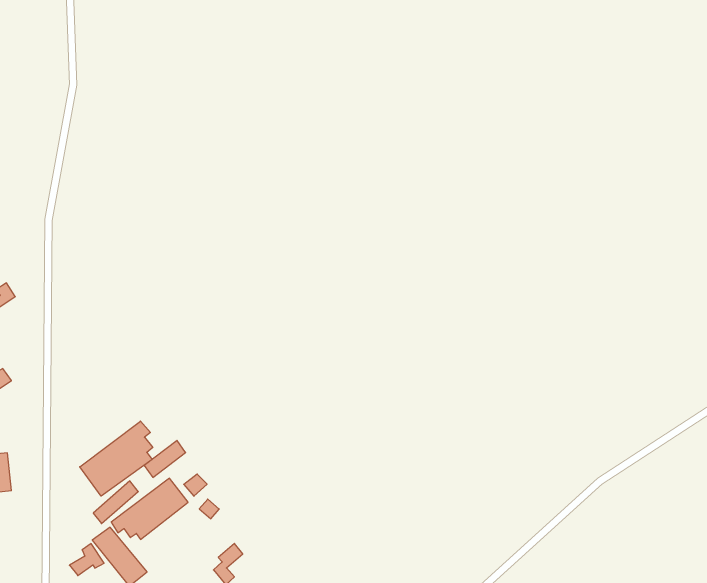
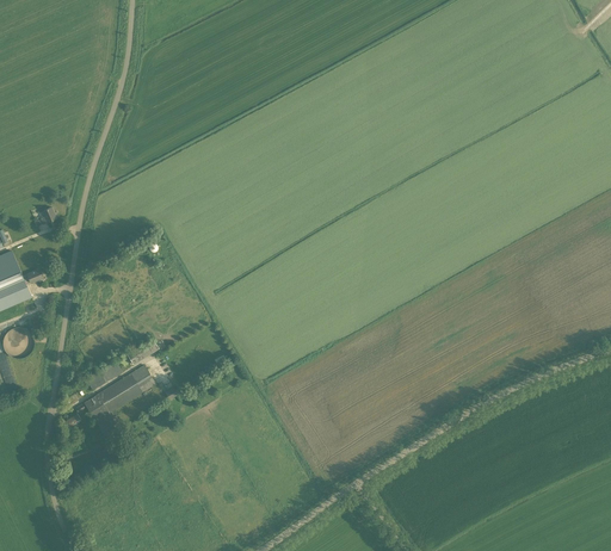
building: [80,421,153,496] -> none

